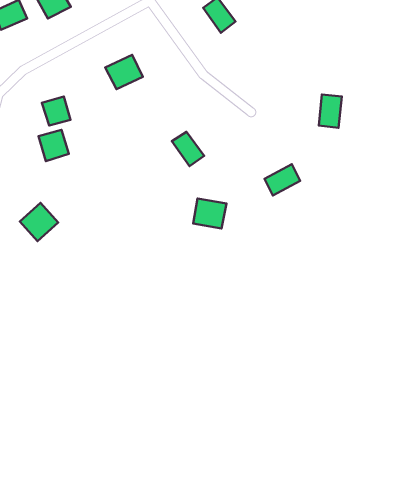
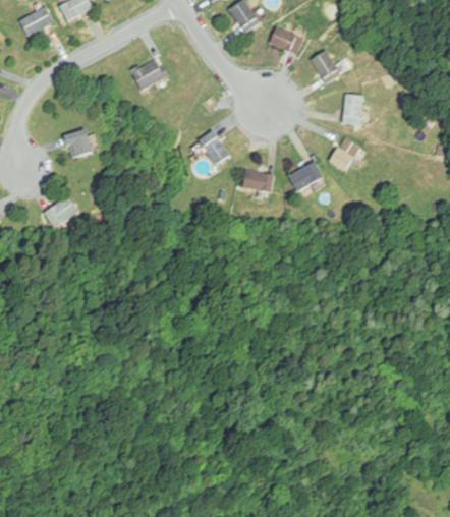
building: none -> [267,26,303,56]
building: none -> [308,50,339,83]
building: [42,96,71,125] -> none
building: none -> [327,136,358,171]
building: [193,198,227,229] -> [242,164,275,193]

